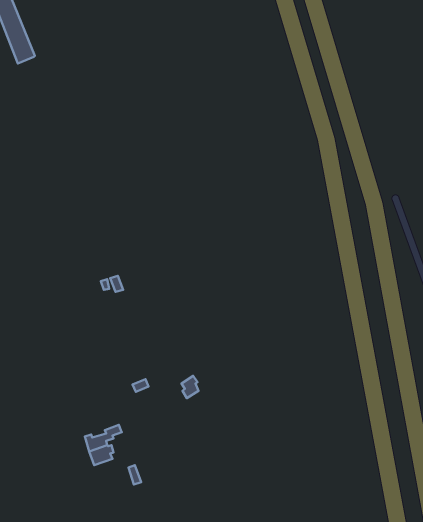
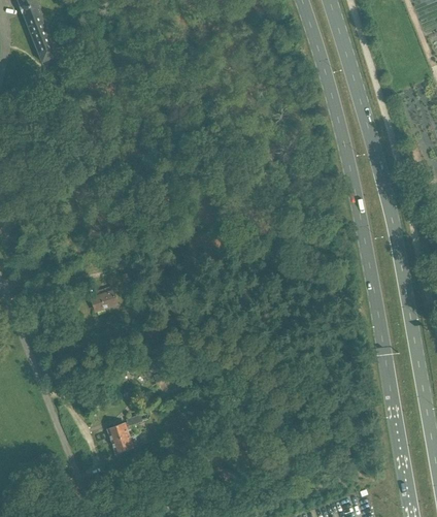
building: none -> [91,286,116,311]

